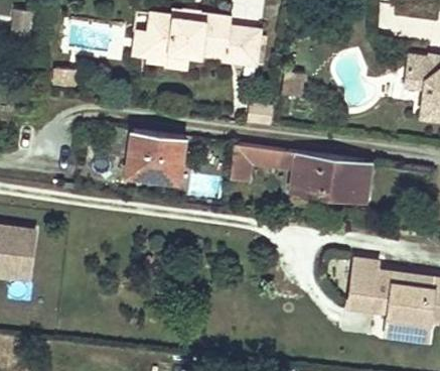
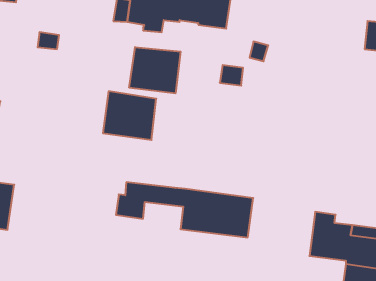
building: none -> [129,47,181,93]
building: [221,144,369,204] -> [116,182,253,237]

